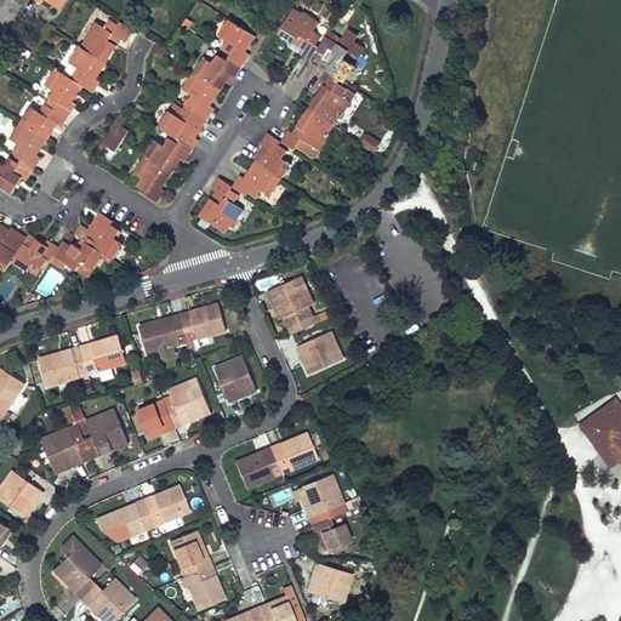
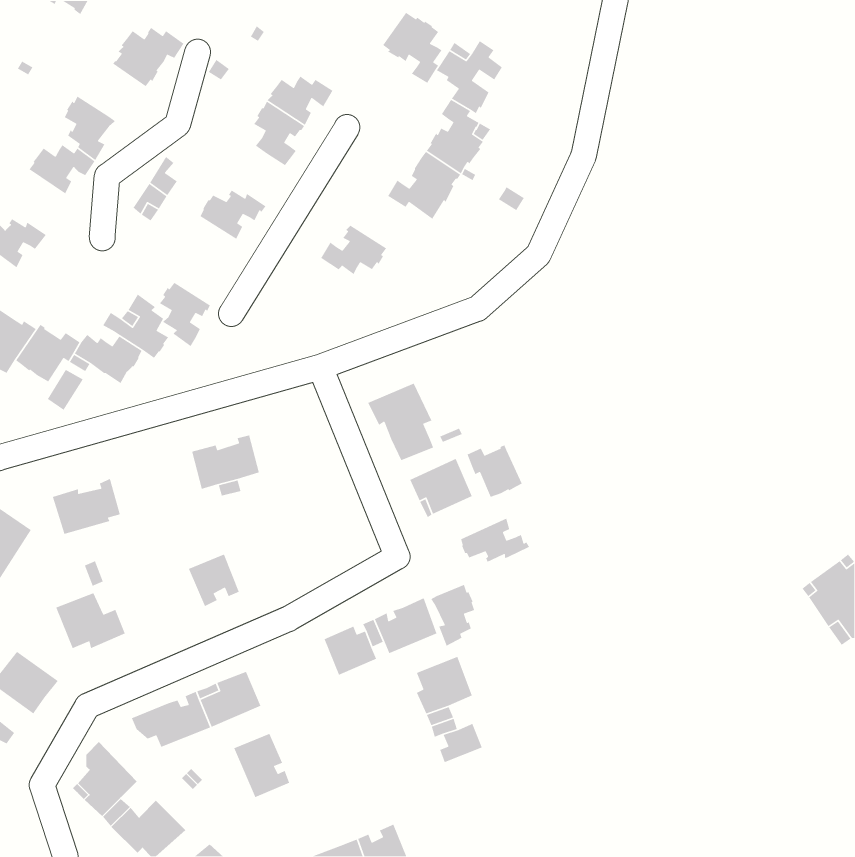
building: [218,18,256,65] -> none
building: [69,46,107,93] -> none
building: [159,103,206,144] -> none
building: [10,123,47,170] -> none
building: [253,133,290,180] -> none
building: [133,156,171,204] -> [159,282,211,347]
building: [199,177,241,233] -> none
building: [181,303,226,342] -> none
building: none -> [467,444,523,498]
building: [80,336,125,374] -> none
building: [213,357,255,403] -> none
building: none -> [460,517,530,563]
building: [163,378,209,428] -> none
building: [84,409,126,458] -> none
building: none -> [430,584,475,647]
building: [310,563,351,603] -> none
building: [180,566,224,610] -> none

